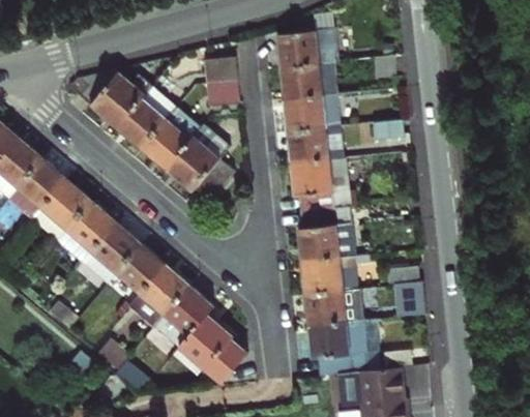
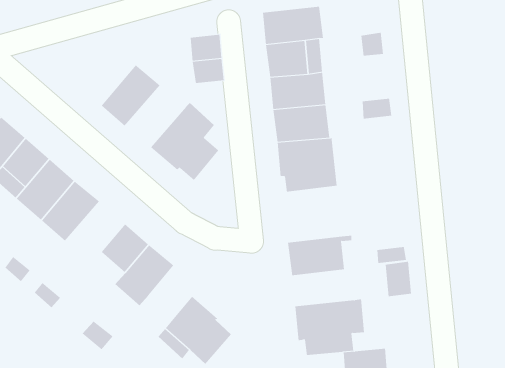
building: [69,71,151,127] -> none
building: [141,108,201,169] -> none
building: [298,207,355,263] -> none
building: [82,222,141,284] -> none
building: [165,286,214,336] -> none
building: [305,289,367,326] -> none

